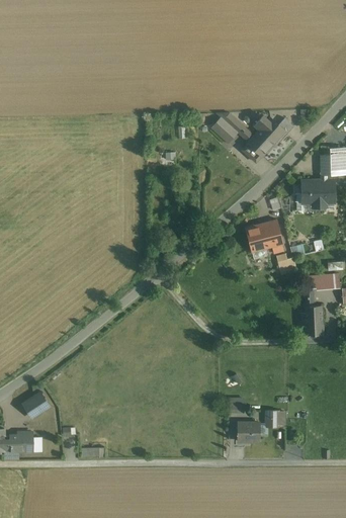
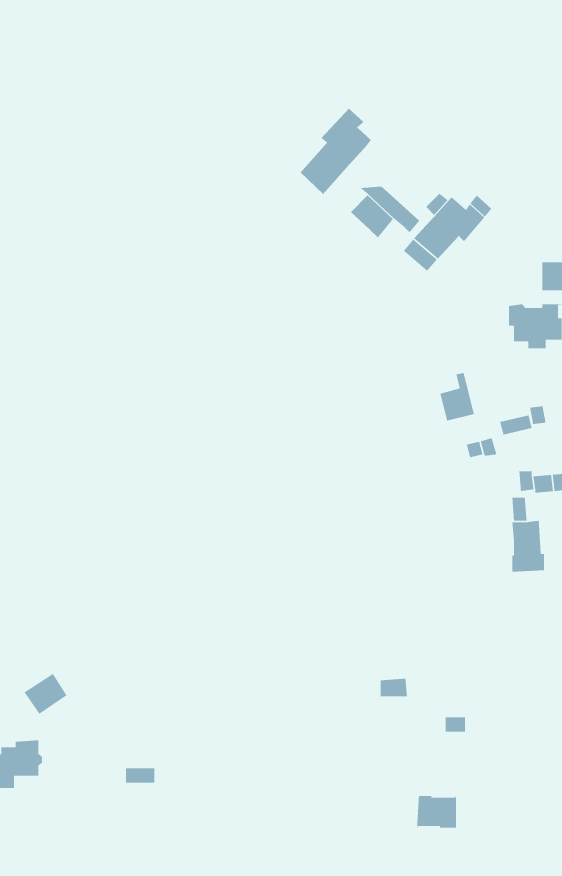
building: none -> [300,108,372,195]
building: [246,221,274,252] -> none
building: [237,422,260,441] -> [416,795,457,829]

